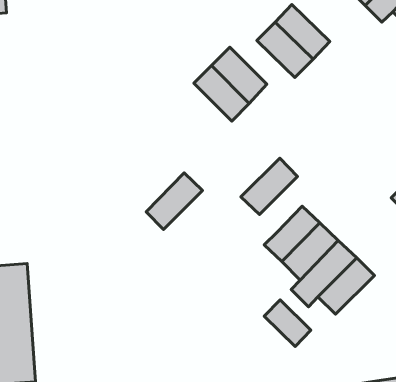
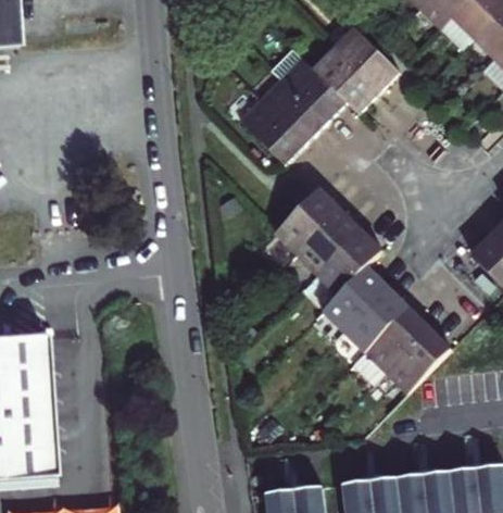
building: none -> [273,49,345,121]
building: [146,173,203,229] -> [274,187,340,253]
building: none -> [316,229,381,295]
building: [264,300,311,346] -> none

